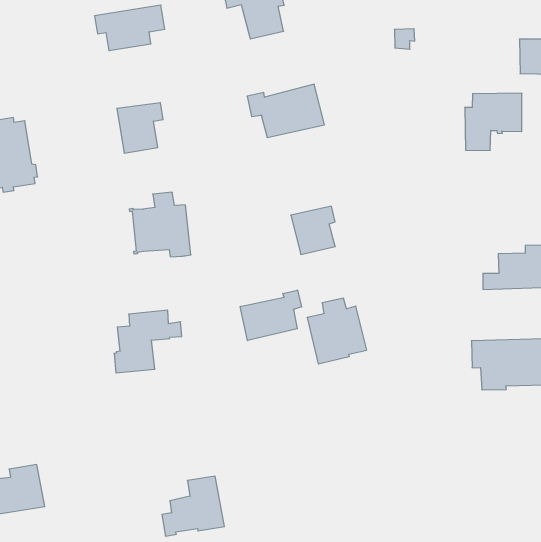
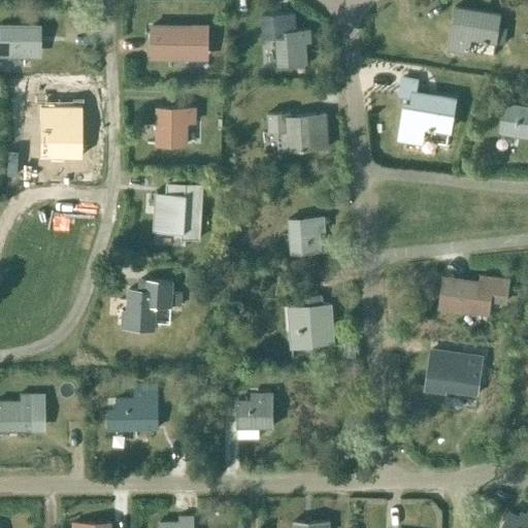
building: [465,93,522,150] -> [399,94,454,143]
building: [240,290,302,341] -> none
building: none -> [236,395,272,438]
building: [162,476,224,536] -> [107,387,158,430]

